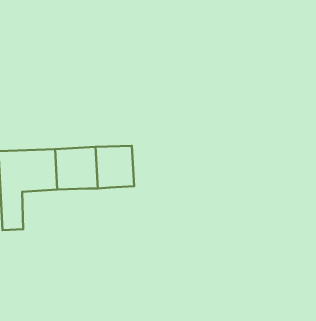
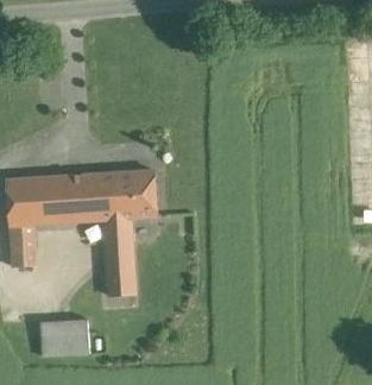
building: none -> [105,217,132,292]
building: none -> [40,317,89,354]

